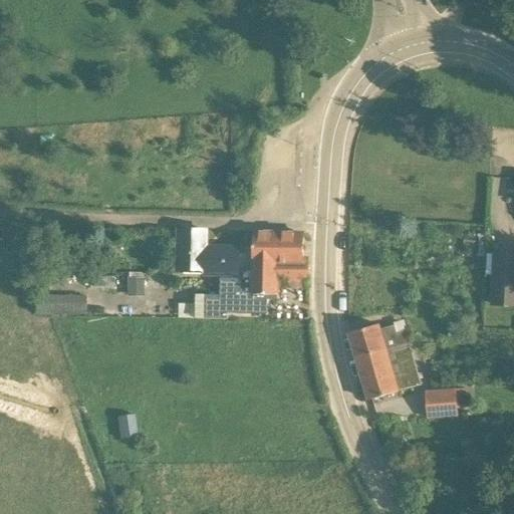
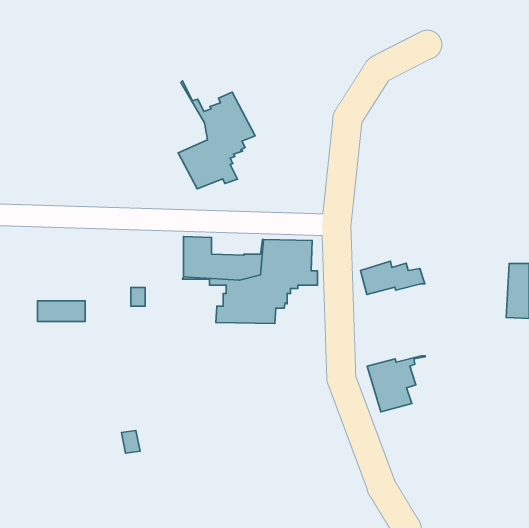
building: none -> [178,81,255,189]
building: [349,322,412,354] -> [361,261,425,294]
building: [426,390,458,418] -> none

